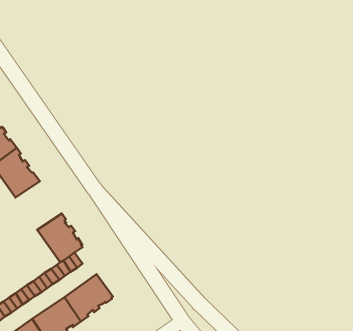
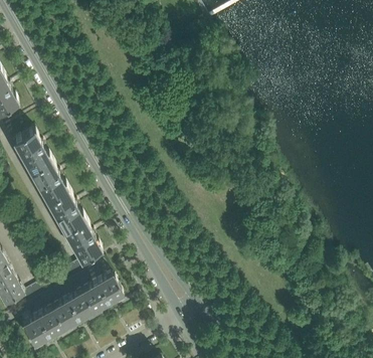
building: none -> [45,188,83,229]

